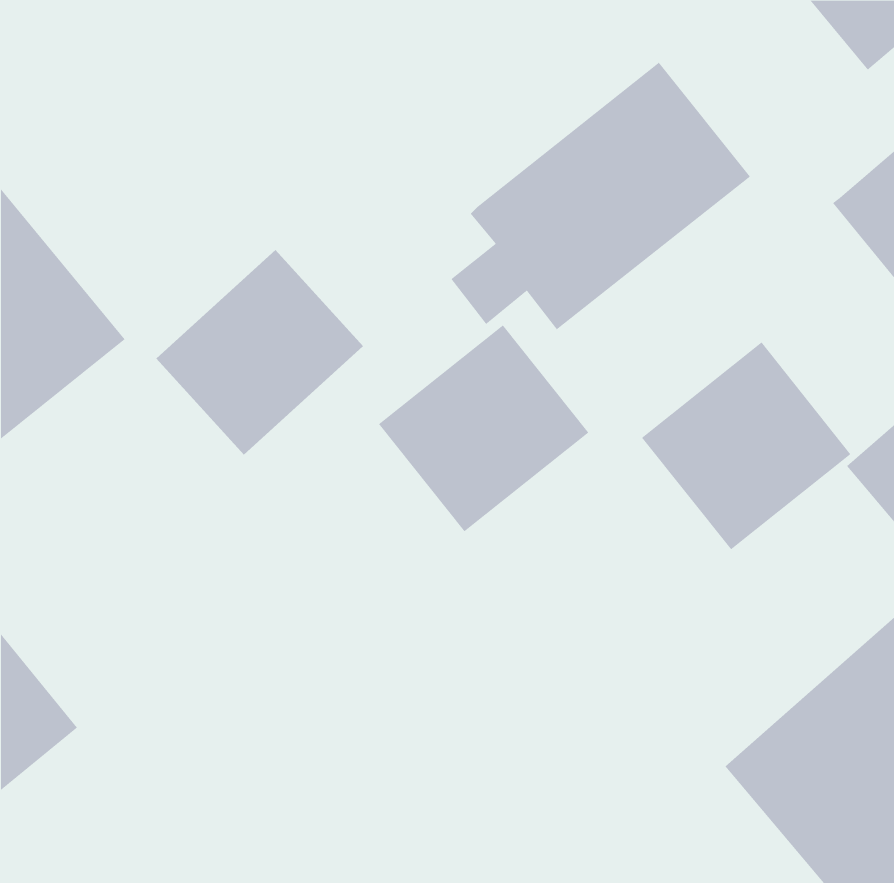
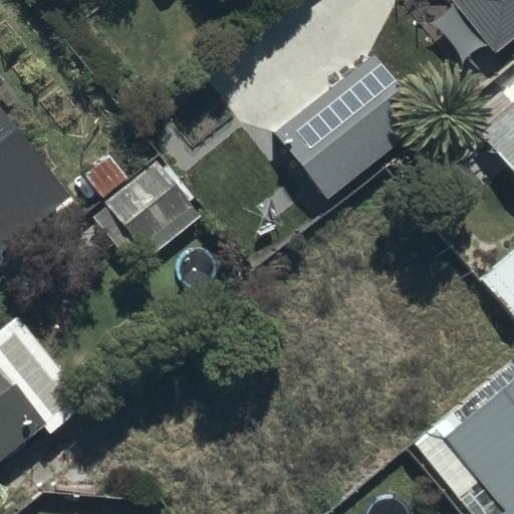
building: [378,325,589,532] -> none
building: [641,342,851,550] -> none

